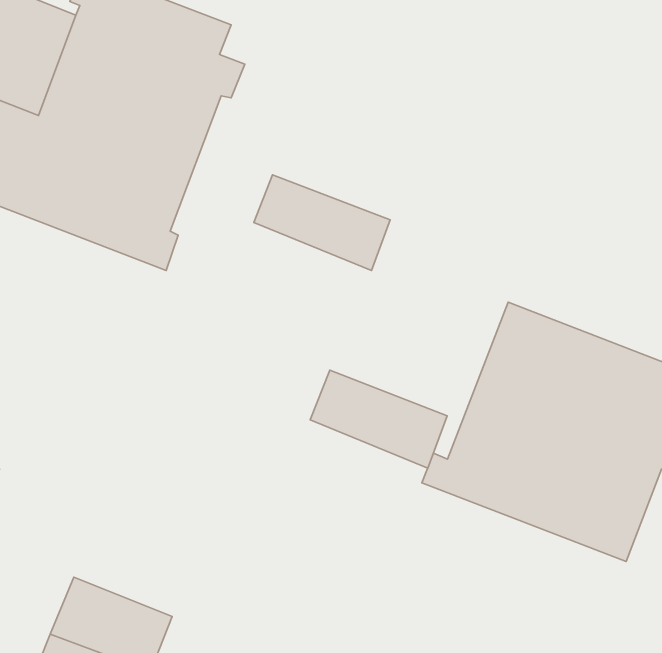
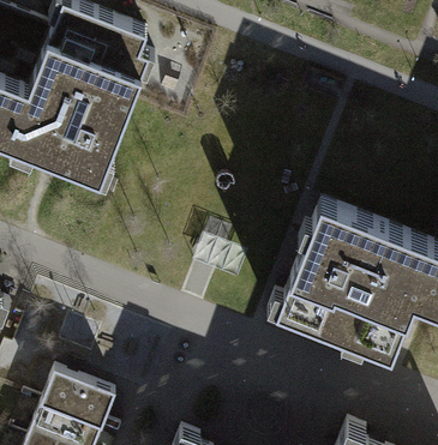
building: [254,175,390,270] -> none
building: [310,370,447,468] -> none

